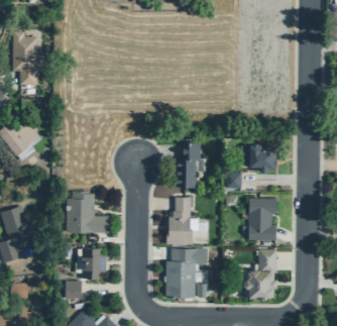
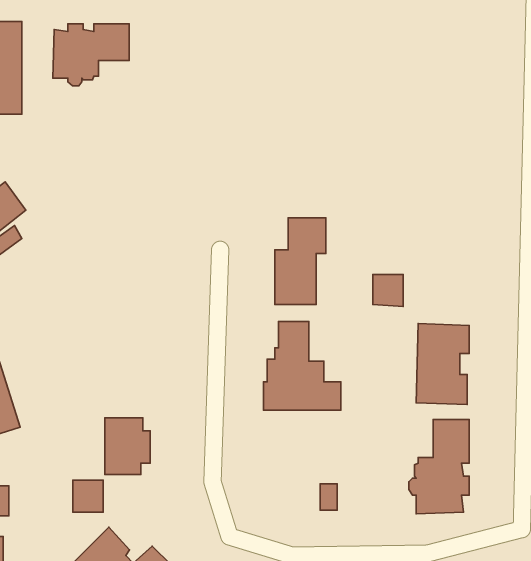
building: none -> [53,24,129,86]
building: [250,145,275,172] -> none
building: [66,192,110,232] -> none
building: [164,249,207,298] -> none

